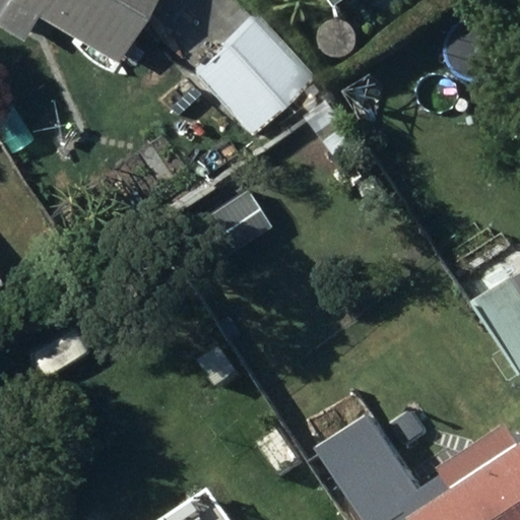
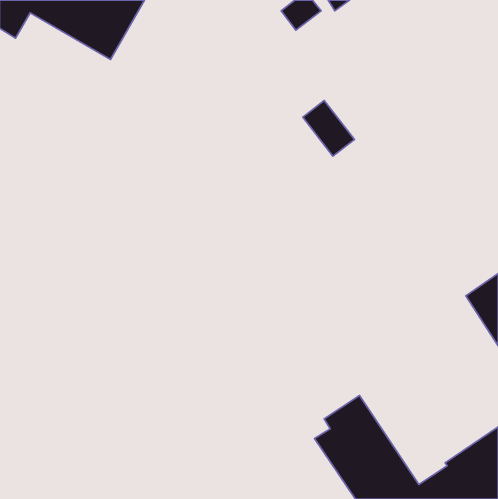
building: [193,16,311,135] -> none

